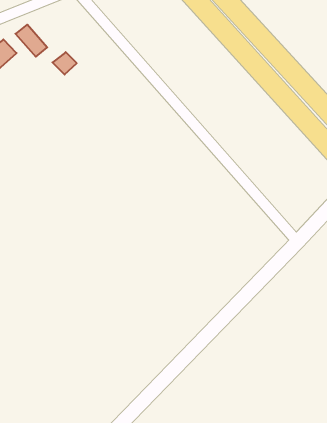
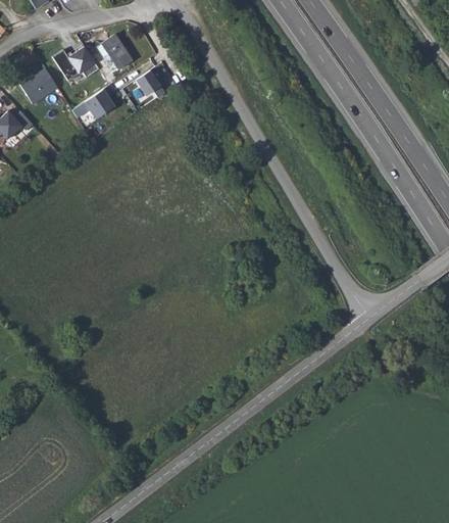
building: none -> [83,88,113,118]

